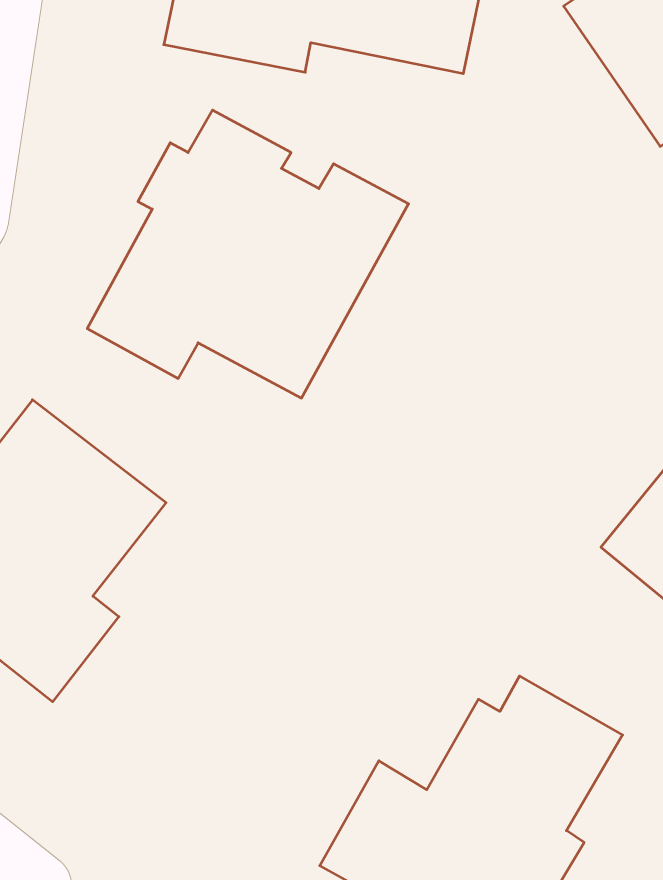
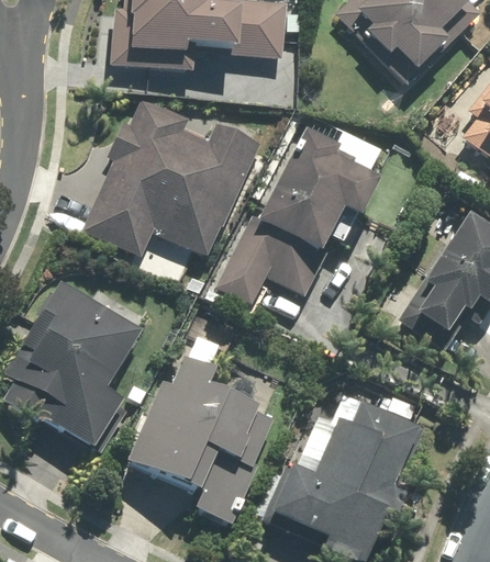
building: none -> [212,127,381,305]
building: none -> [127,350,281,525]

